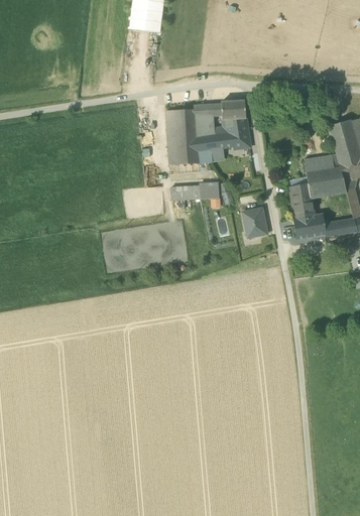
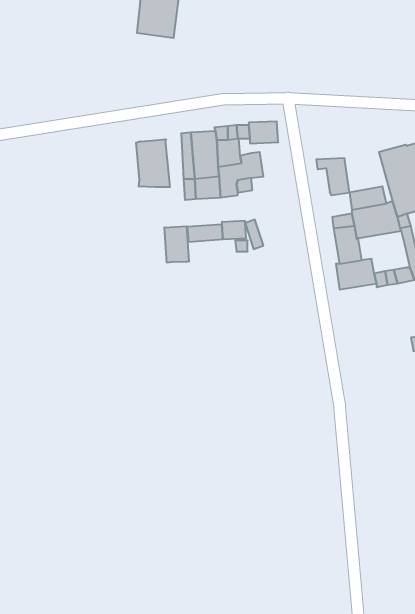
building: none -> [136,139,170,187]
building: [223,118,250,148] -> [316,158,349,195]
building: none -> [164,226,189,263]
building: [243,208,268,238] -> none

